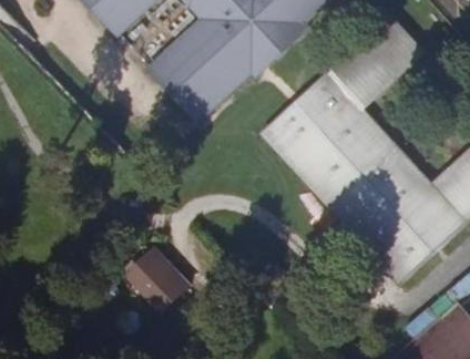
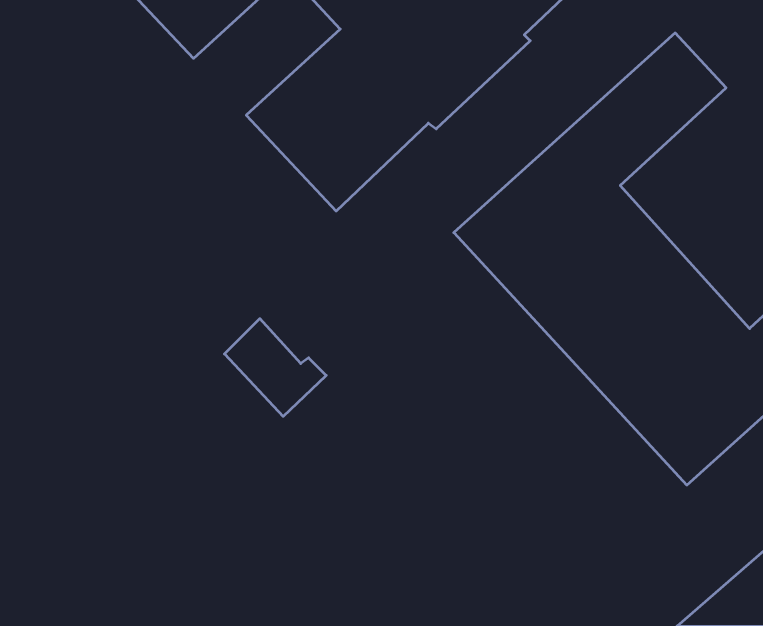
building: [127,255,185,310] -> [224,319,326,416]

